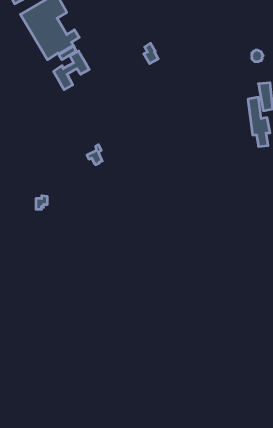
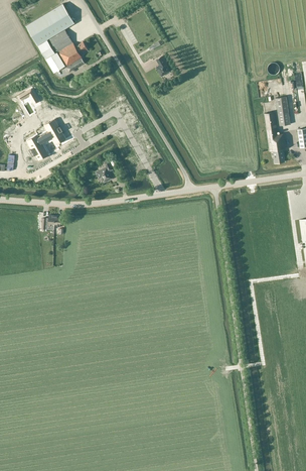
building: [54,51,89,90] -> [28,119,65,159]

